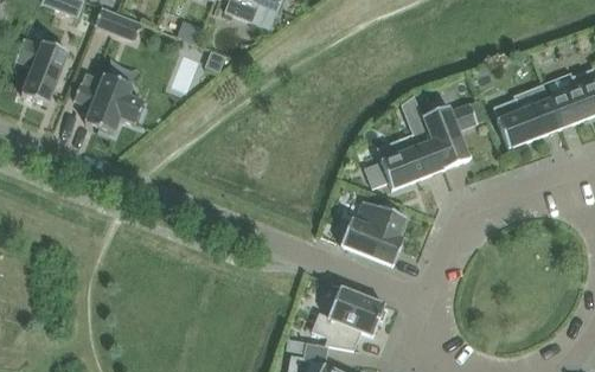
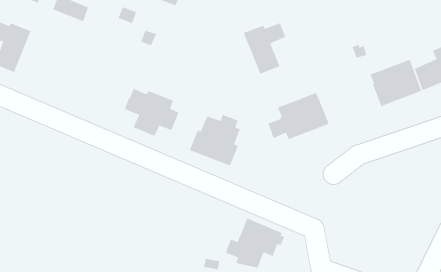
building: [73,71,143,133] -> [124,88,180,137]
building: [422,102,476,168] -> [243,22,286,75]
building: [340,198,405,264] -> [189,114,241,167]

